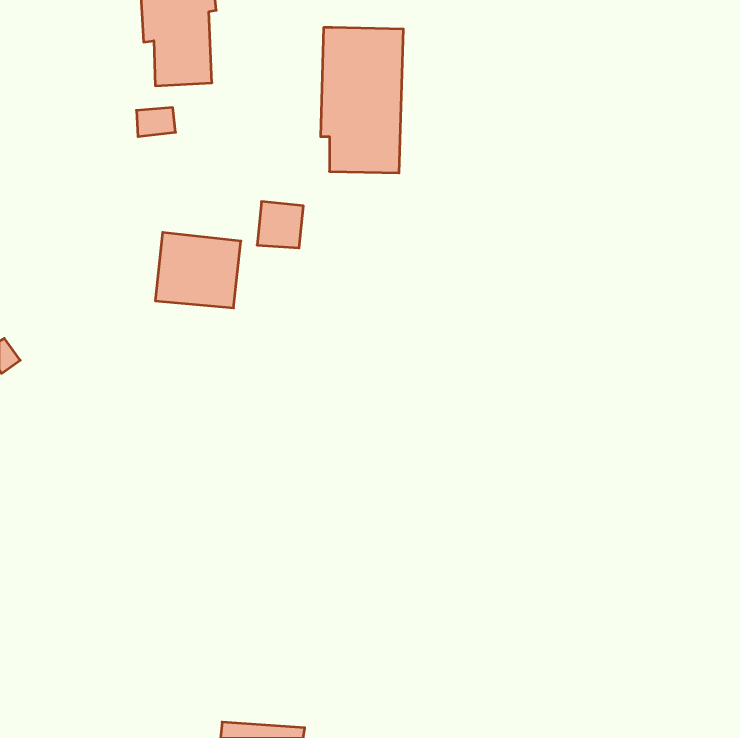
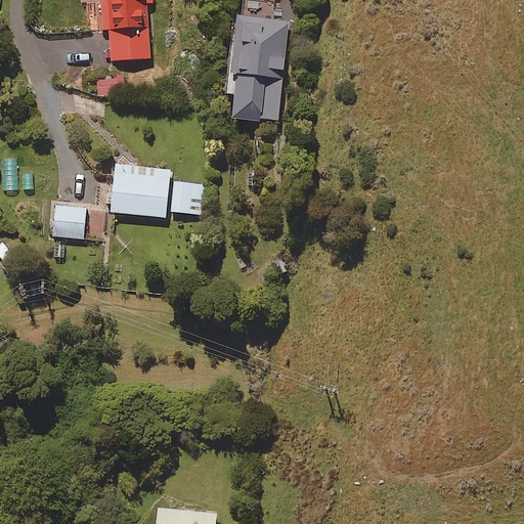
building: [257,202,303,248] -> [171,180,204,213]
building: none -> [53,206,104,238]

